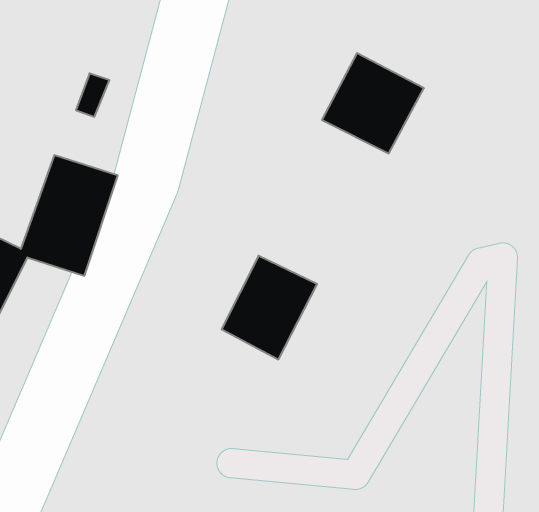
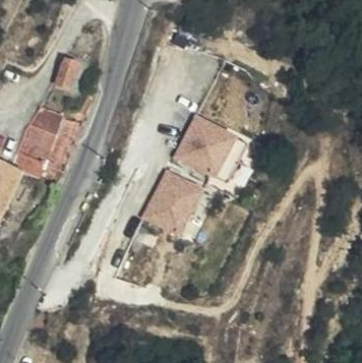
building: [322,53,424,153] -> [172,116,234,177]

